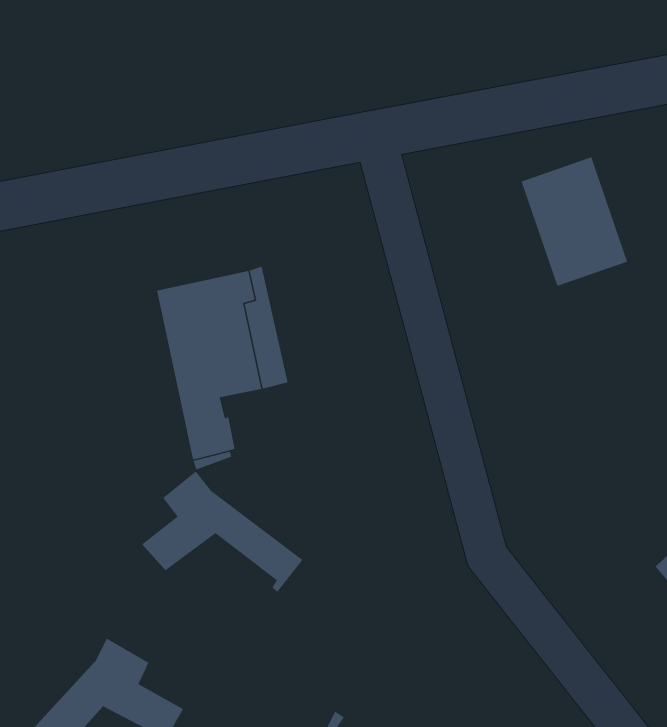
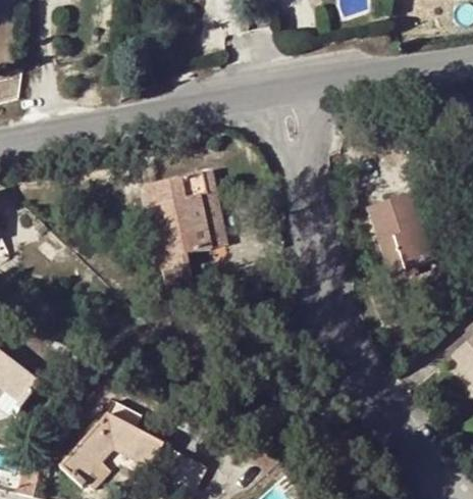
building: [521,156,628,287] -> [368,194,434,275]
building: [141,471,304,593] -> none

